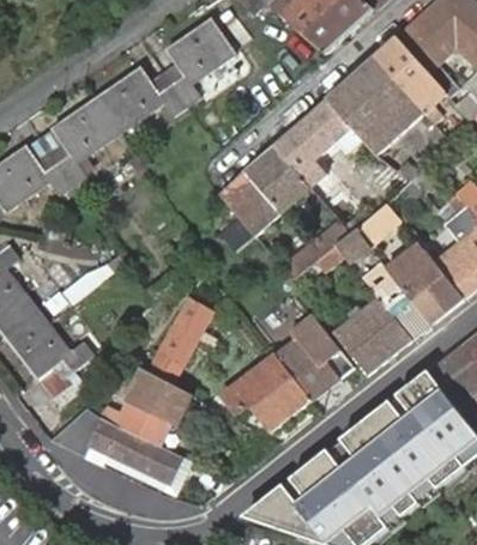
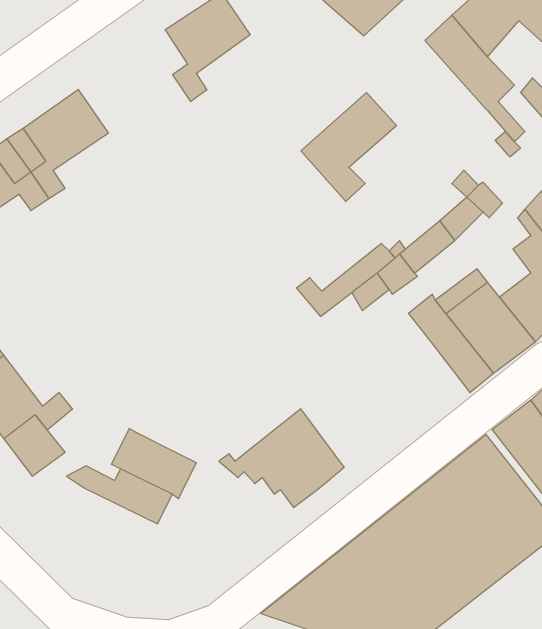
building: [328,56,423,152] -> none
building: [97,66,187,131] -> none
building: [221,145,312,235] -> none
building: [144,296,213,386] -> none
building: [334,298,411,374] -> none
building: [276,314,345,399] -> none
building: [50,406,181,480] -> none

